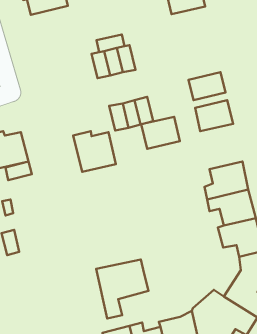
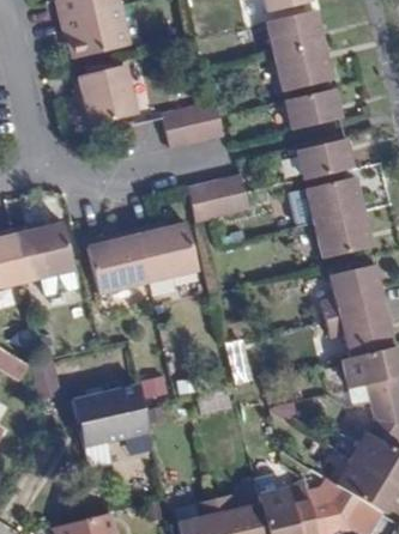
building: none -> [276,45,332,91]
building: none -> [72,62,137,126]
building: none -> [288,89,340,129]
building: [141,117,180,149] -> [316,212,371,257]
building: none -> [89,229,149,291]
building: [96,260,148,319] -> [75,386,150,469]

